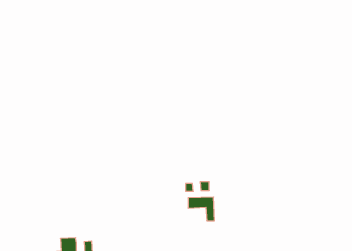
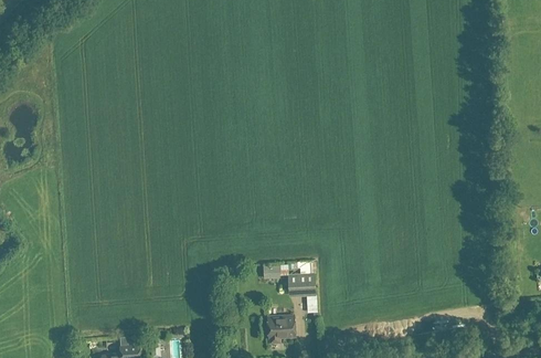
building: none -> [266,314,294,343]

